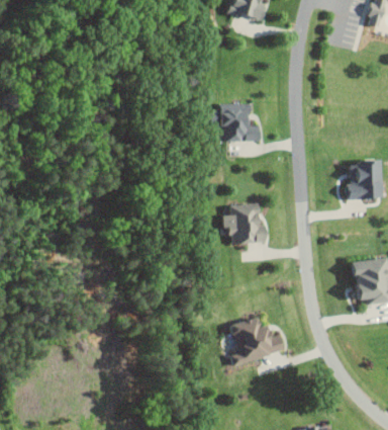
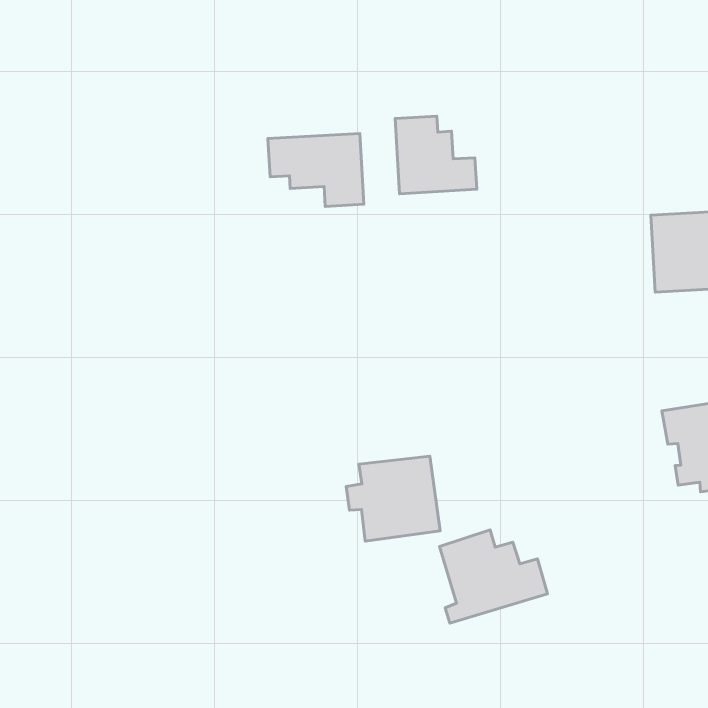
building: none -> [268,133,364,207]
building: [218,201,265,243] -> [346,456,440,541]

